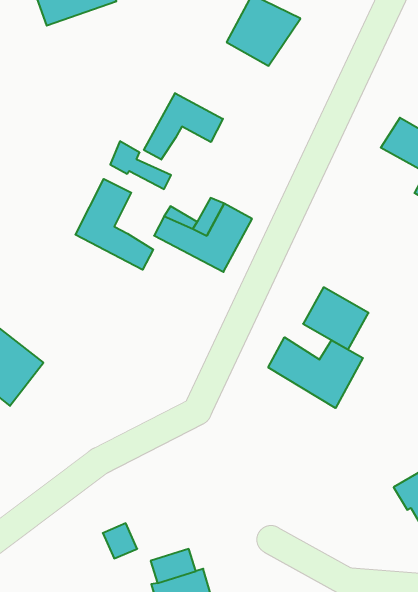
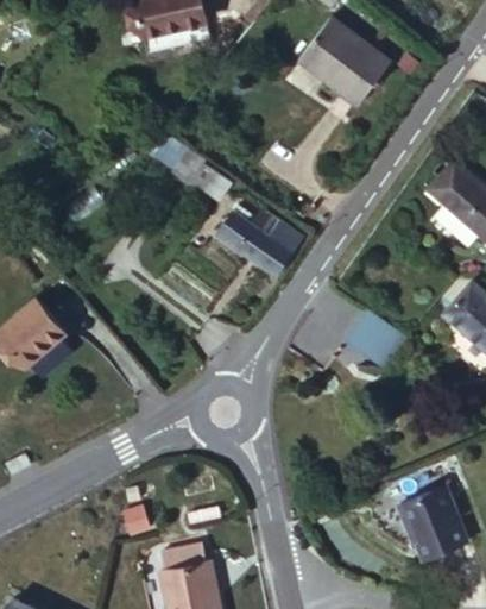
building: none -> [335,57,391,114]
building: [144,93,223,160] -> none
building: [75,179,153,270] -> none
building: [268,337,363,408] -> none

